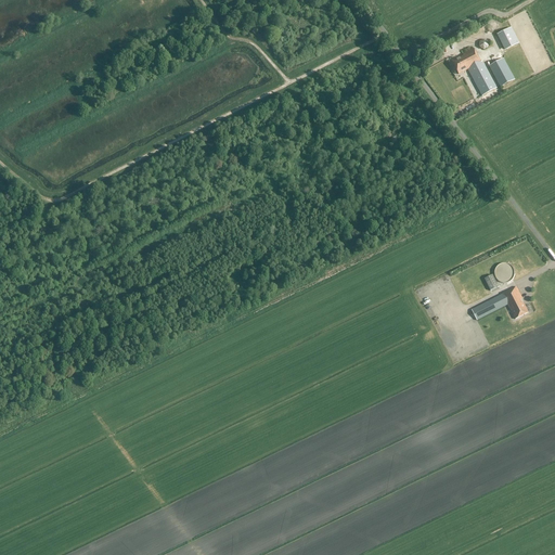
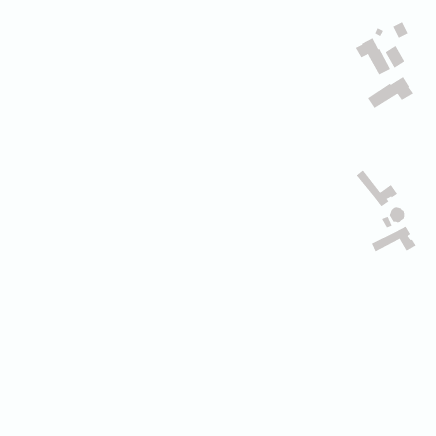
building: none -> [367,76,414,109]
building: none -> [356,169,398,207]

